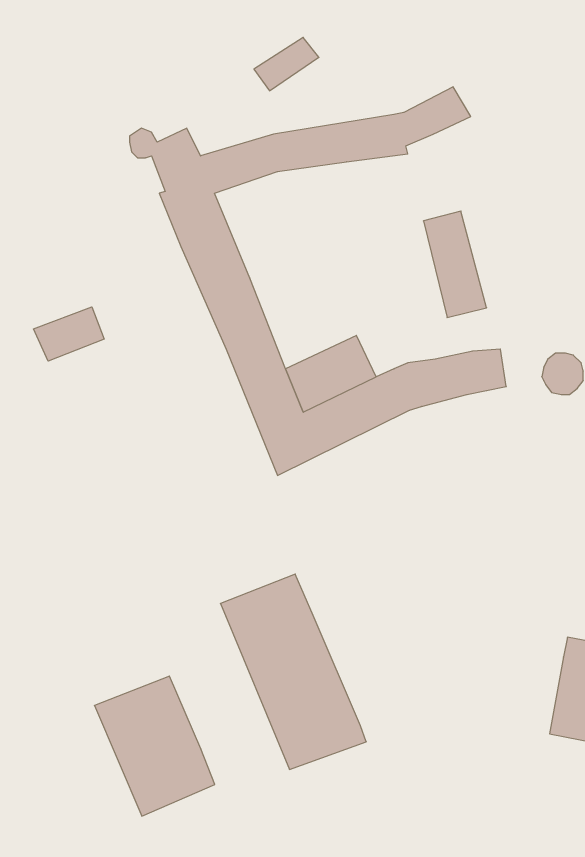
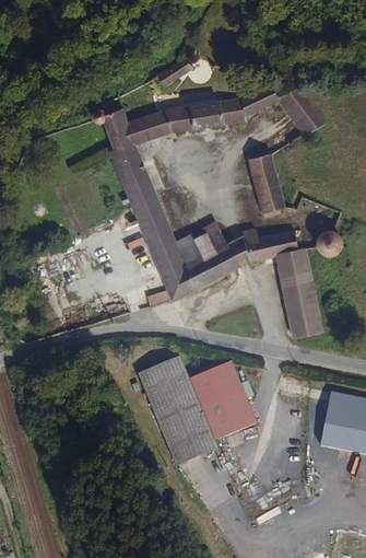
building: none -> [278,86,324,137]
building: [34,307,104,361] -> none
building: none -> [275,249,322,338]
building: [94,676,215,816] -> [190,362,257,440]

